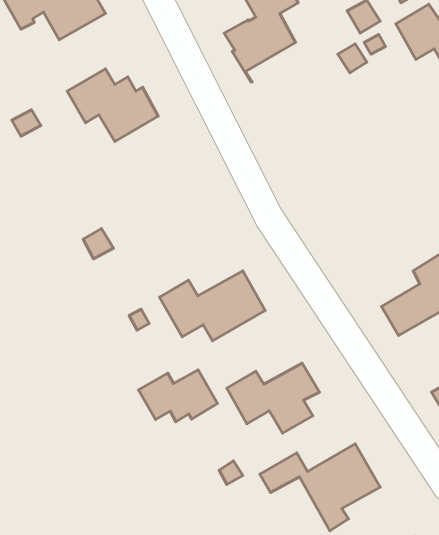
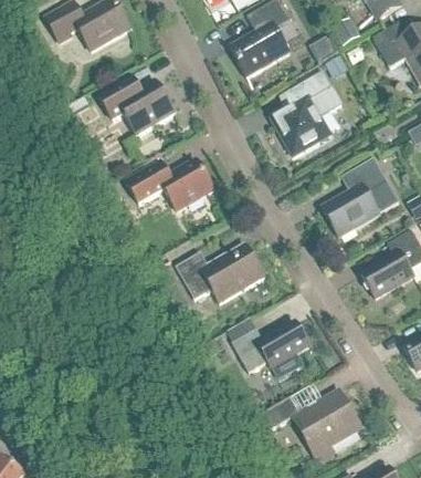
building: none -> [272,69,344,153]
building: none -> [322,156,399,235]
building: none -> [124,157,213,208]
building: [139,370,218,422] -> none

